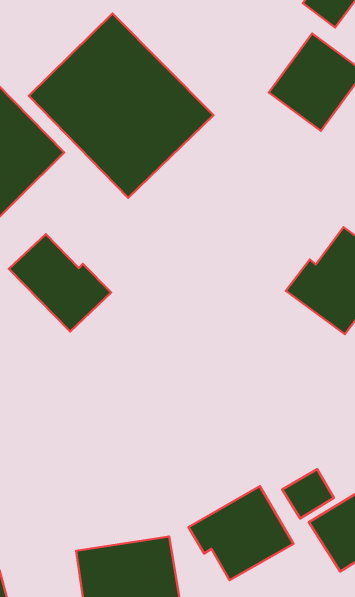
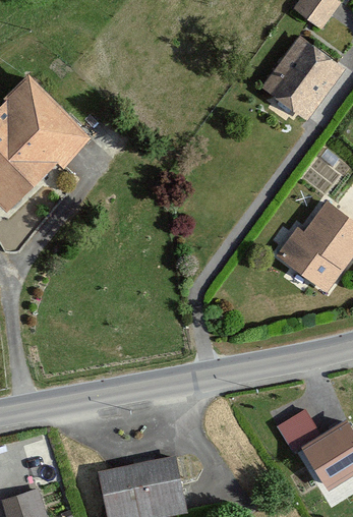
building: [29,14,213,198] -> none
building: [9,234,111,331] -> none
building: [188,486,293,580] -> none

